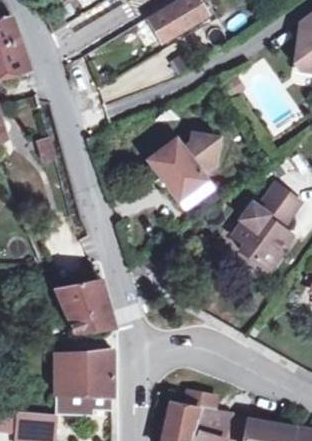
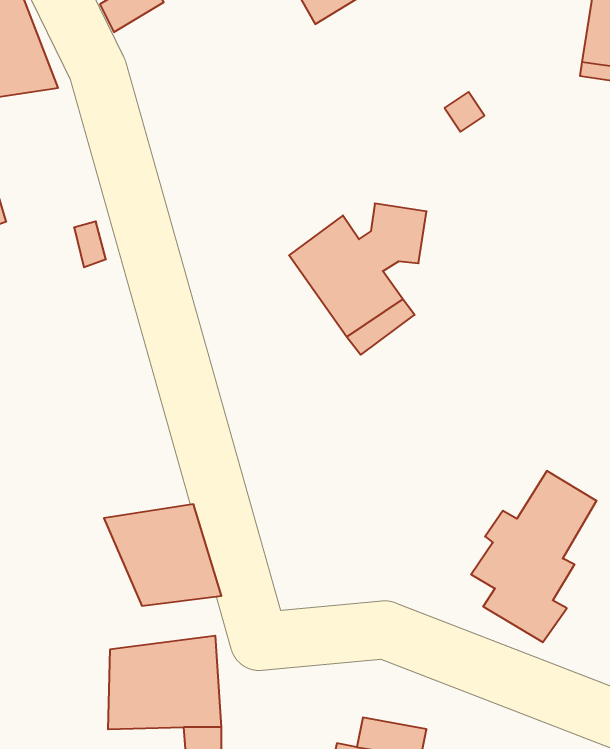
building: [231,182,294,268] -> [471,471,597,642]

